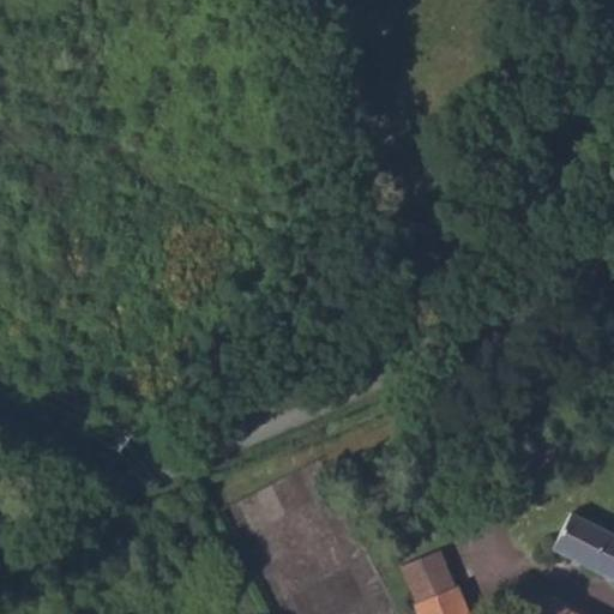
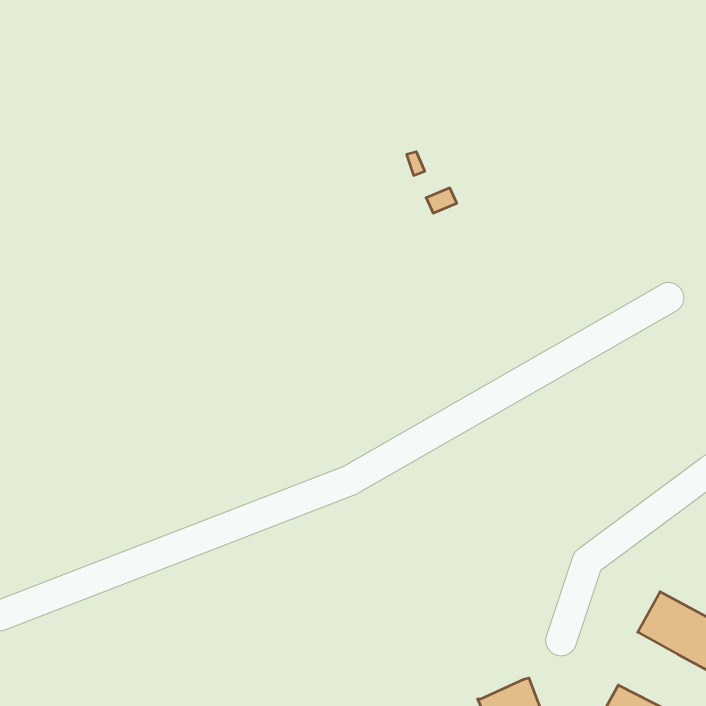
building: [403,554,456,607] -> none

